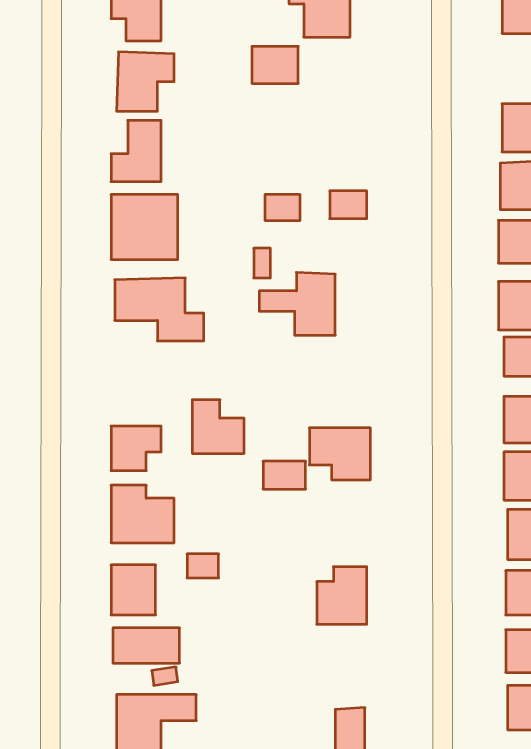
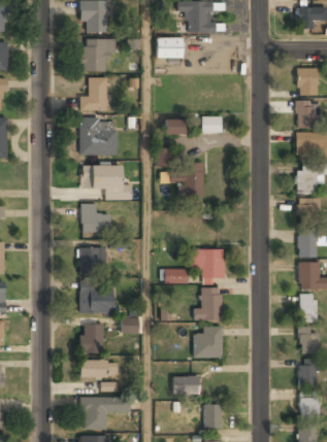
building: [192,400,244,453] -> [81,204,110,234]
building: none -> [195,286,222,319]
building: none -> [174,376,200,394]

